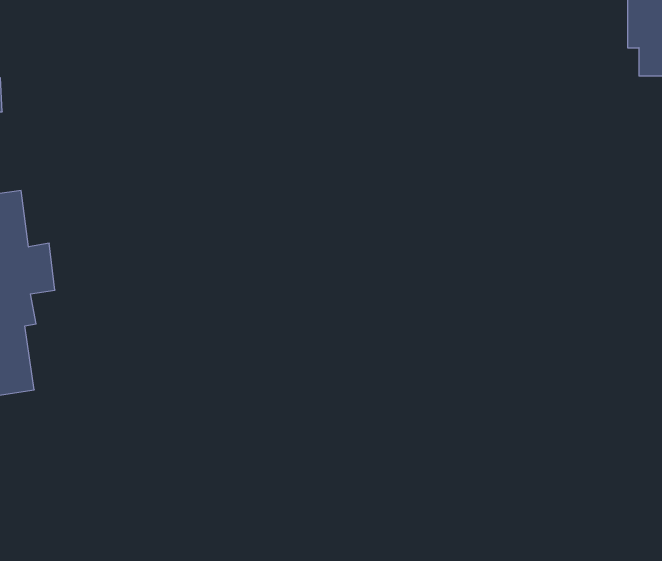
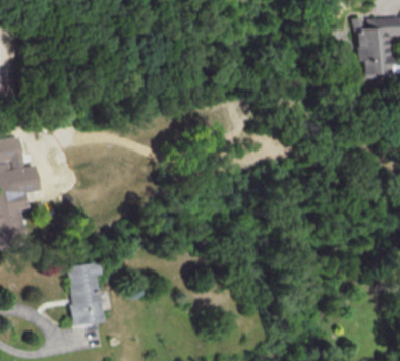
building: none -> [68,262,105,326]

